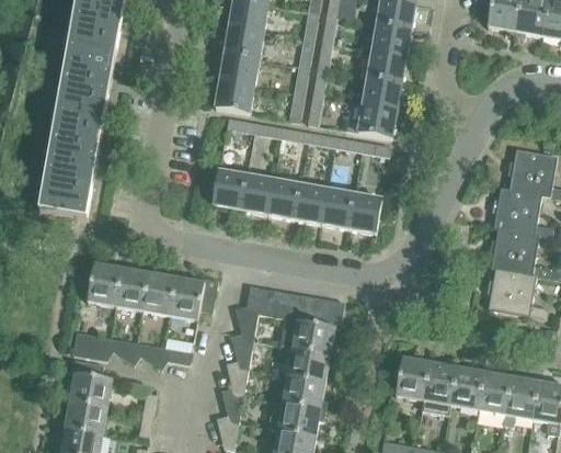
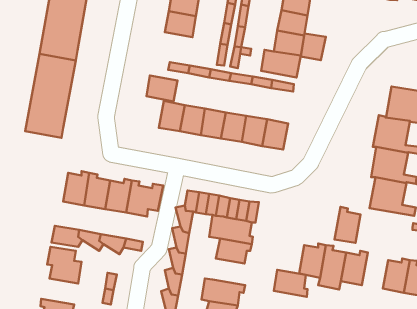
building: [216,78,256,112] -> [147,75,178,101]
building: none -> [301,33,326,60]
building: [478,366,512,414] -> [335,207,361,243]
building: [283,374,327,409] -> [274,270,308,297]
building: [59,400,107,434] -> none

